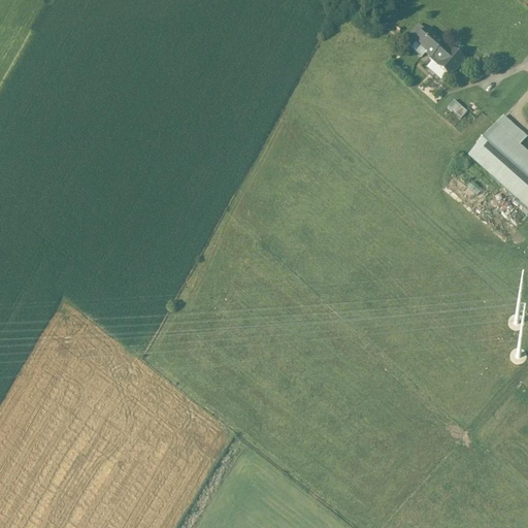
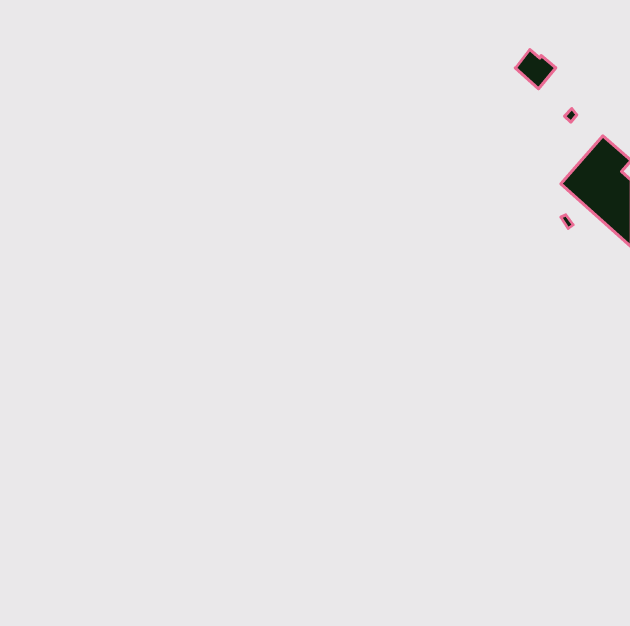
building: [416,26,444,56] -> none

